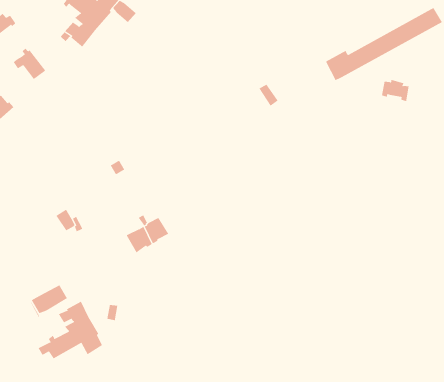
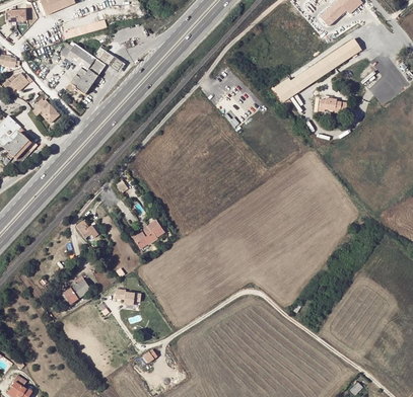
building: [38,301,103,359] -> none

